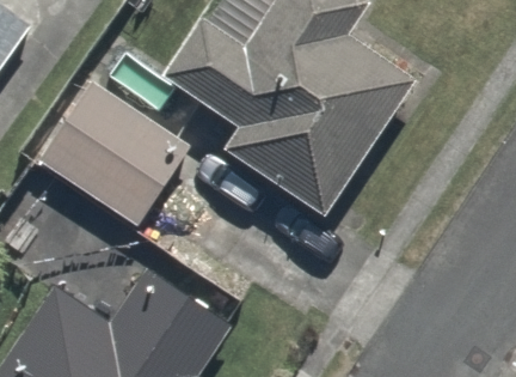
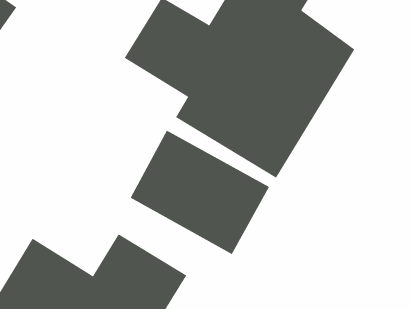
building: [44,86,199,225] -> [130,130,270,255]

